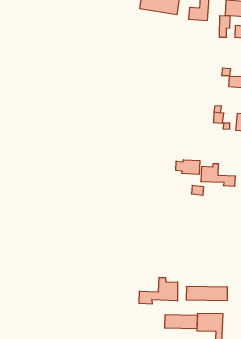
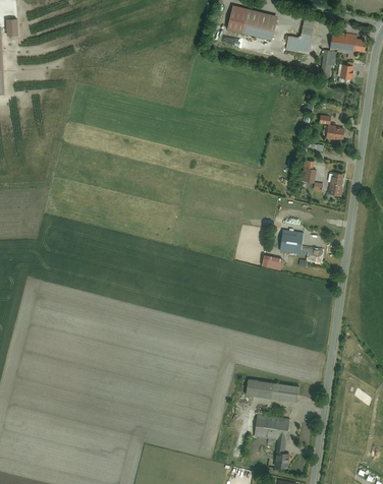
building: [176,160,200,174] -> none
building: [139,277,178,304] -> none
building: [165,315,197,329] -> none

